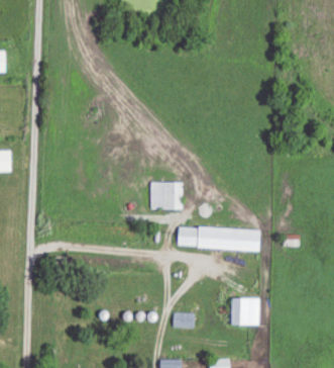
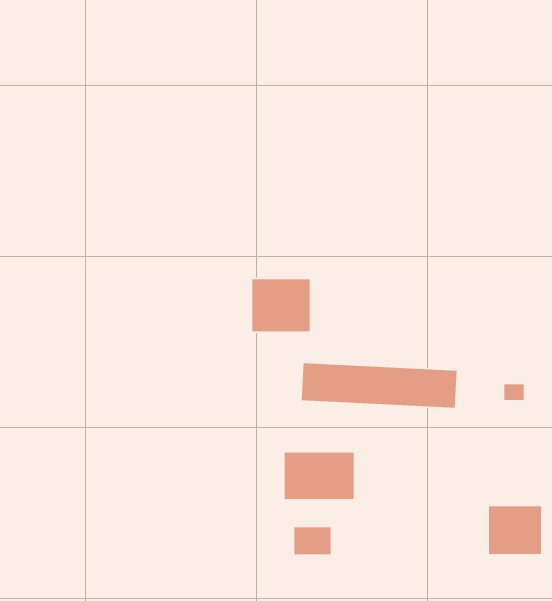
building: none -> [284,452,354,500]
building: [230,298,258,325] -> [488,505,542,555]

